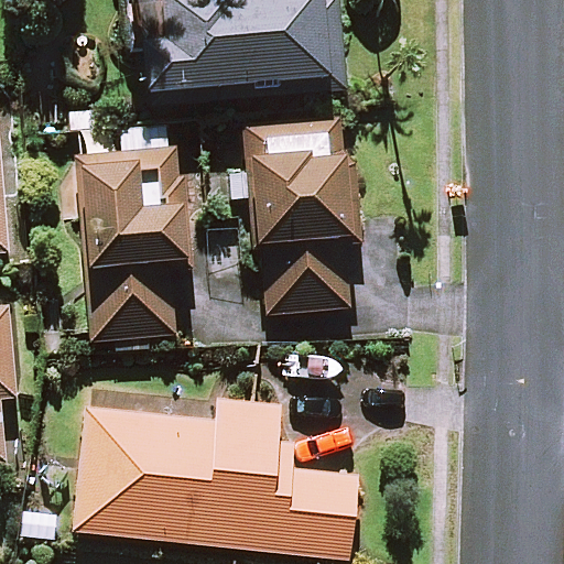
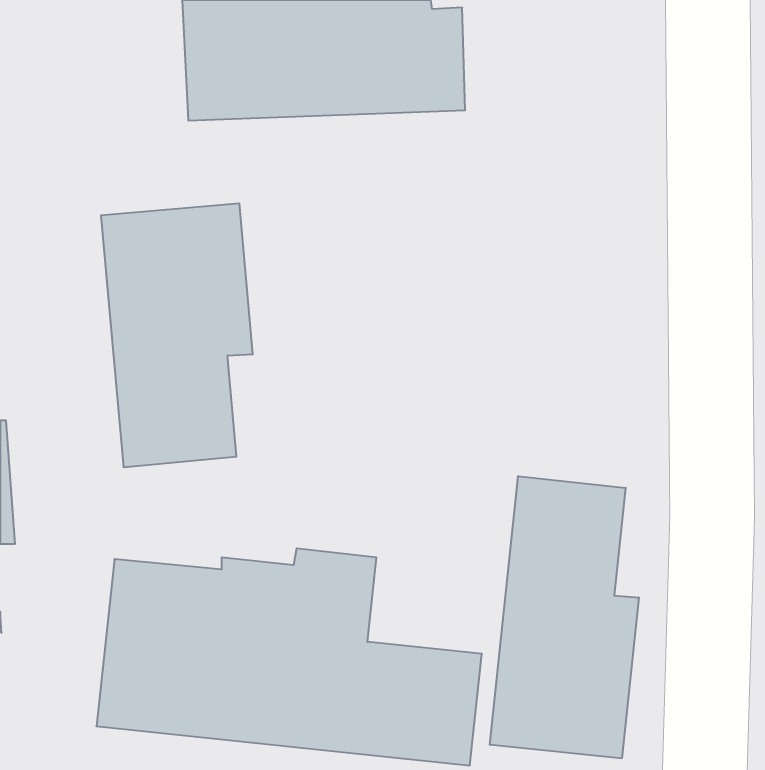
building: [243,117,367,317] -> none
building: none -> [490,476,639,758]

